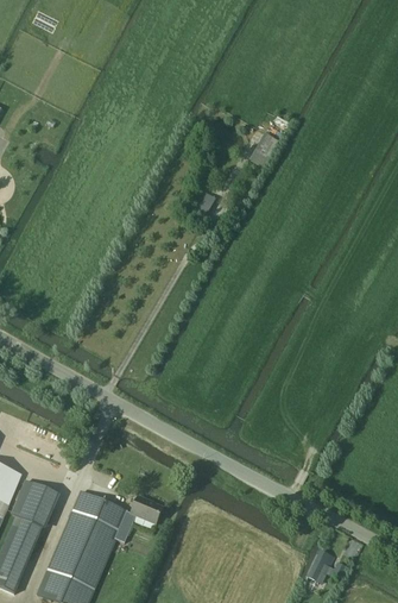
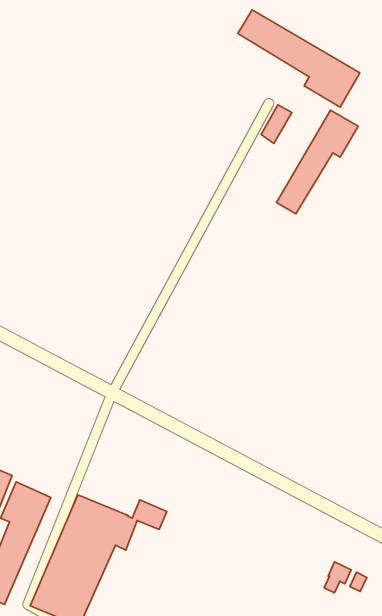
building: none -> [238,10,360,107]
building: none -> [277,110,358,214]

